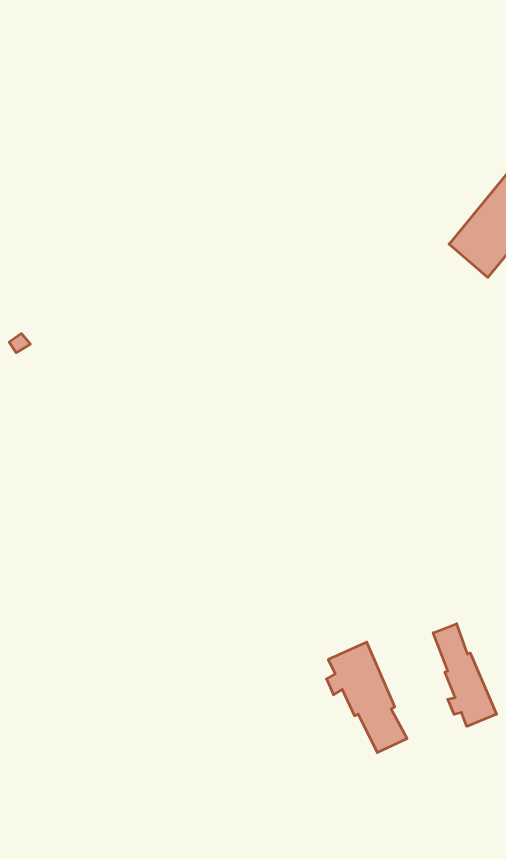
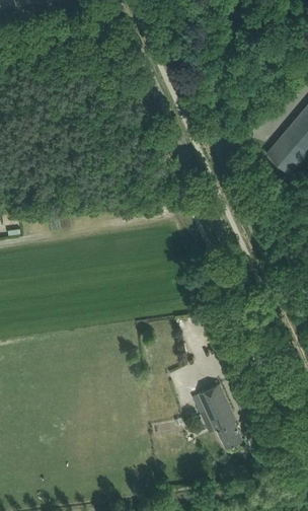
building: [433,624,497,726] -> none

